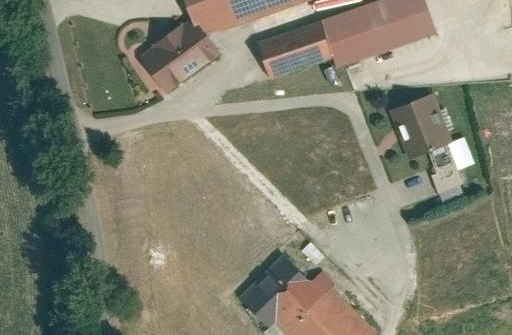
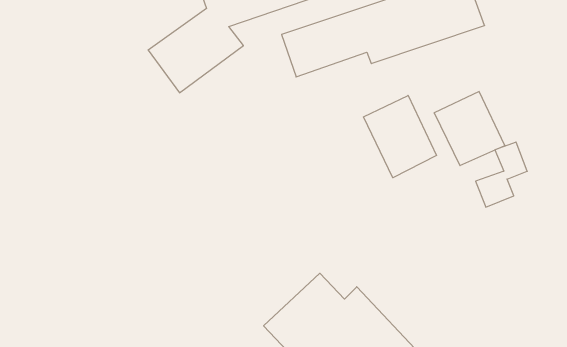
building: none -> [364,95,436,178]

